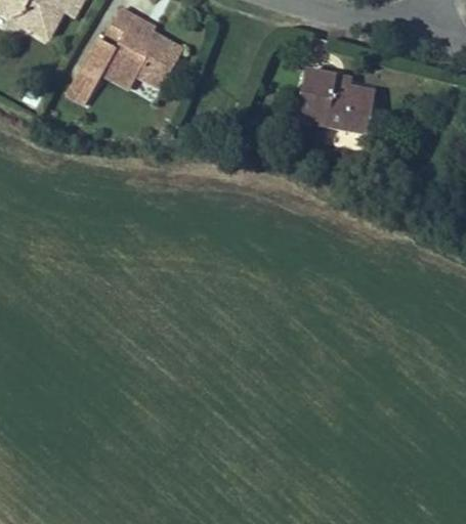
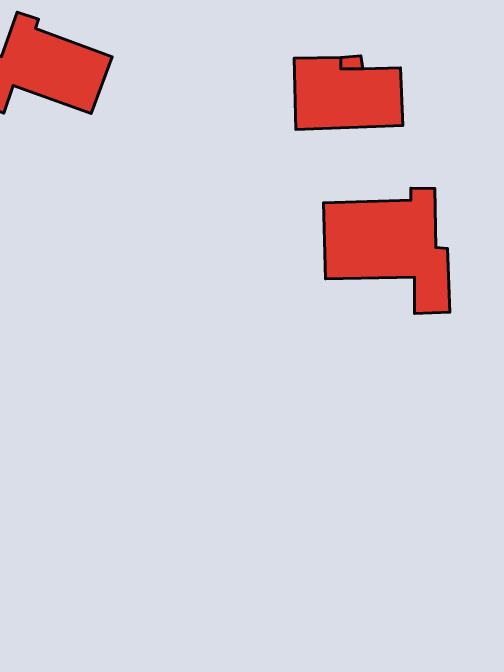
building: none -> [323,188,450,314]

